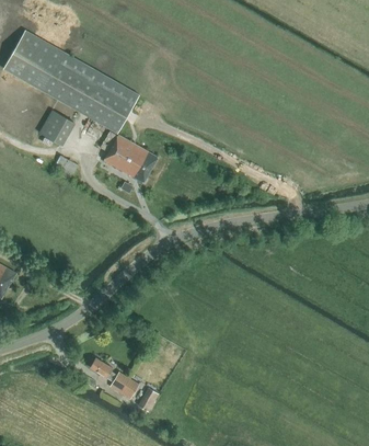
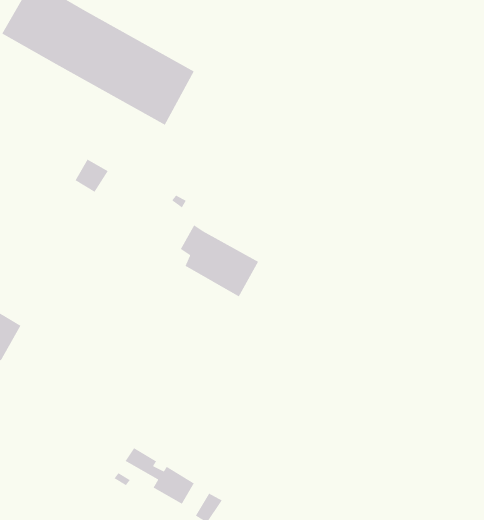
building: [38,110,72,145] -> none
building: [101,129,157,181] -> [180,224,259,298]

